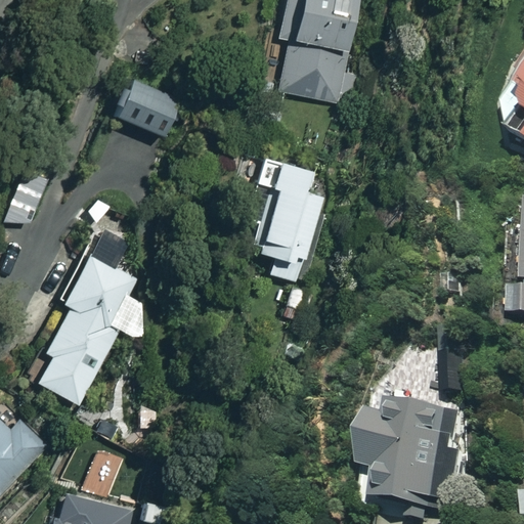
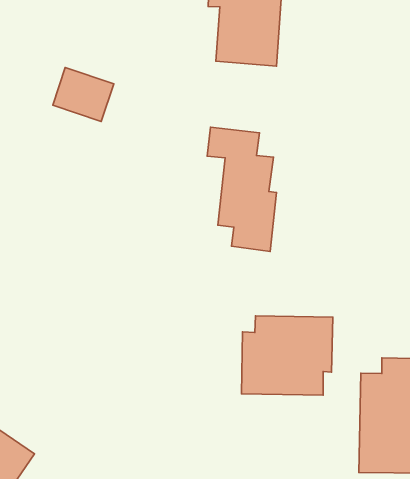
building: [37,251,142,403] -> none
building: none -> [242,316,333,395]

